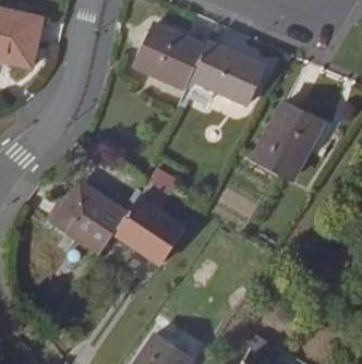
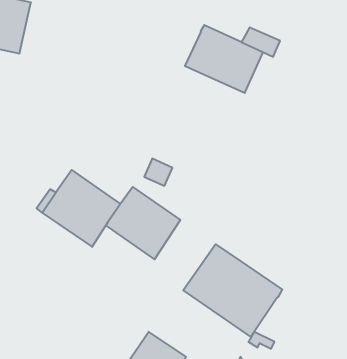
building: [136,23,206,90] -> none
building: [254,101,331,180] -> none
building: none -> [183,244,282,337]

